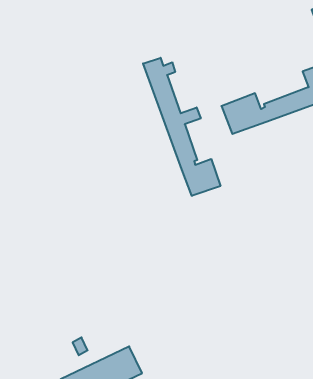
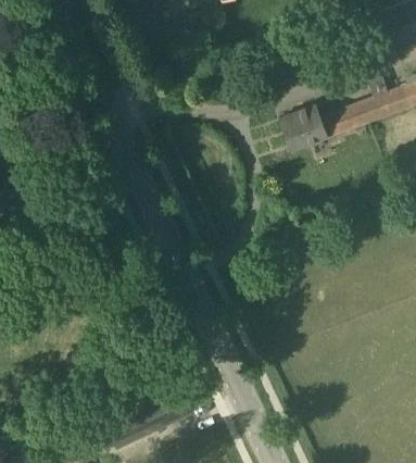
building: [143,58,220,196] -> none

